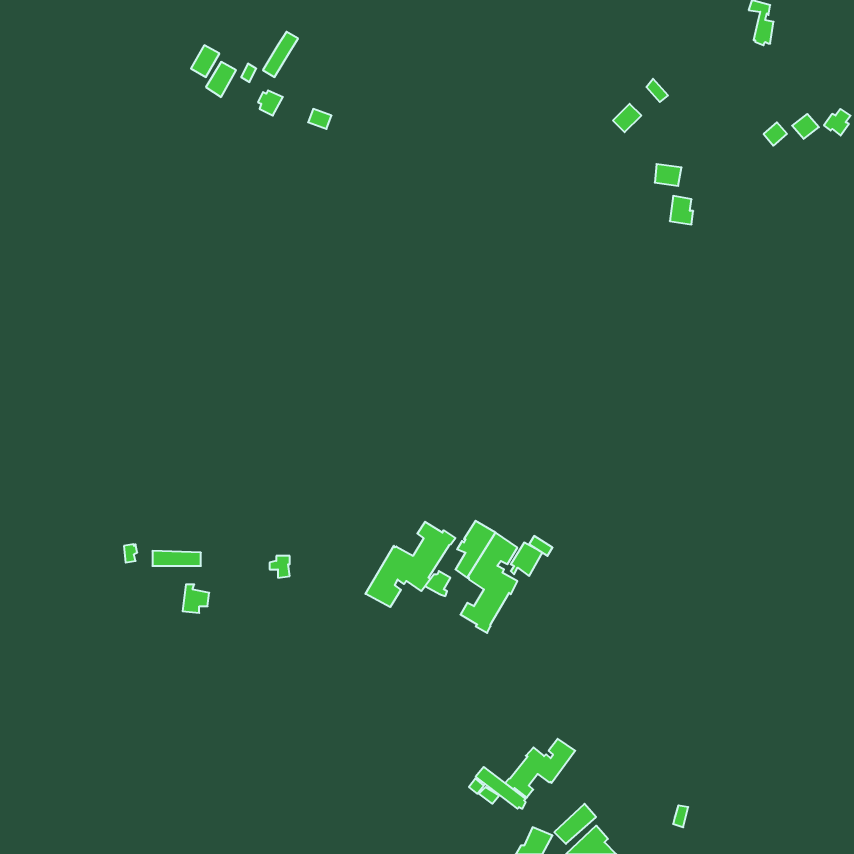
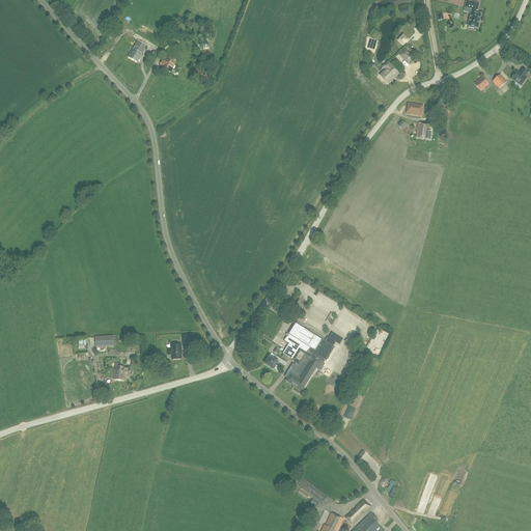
building: [365,522,455,607] -> none
building: [505,739,575,798] -> none

